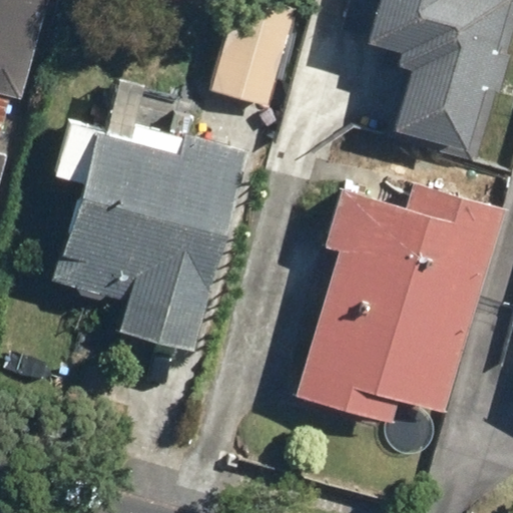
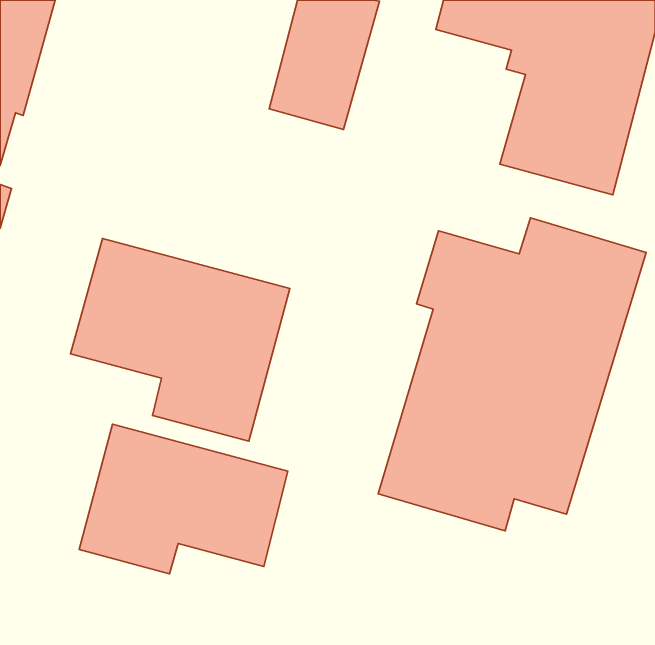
building: [80,129,249,233] -> none
building: none -> [79,424,288,574]

